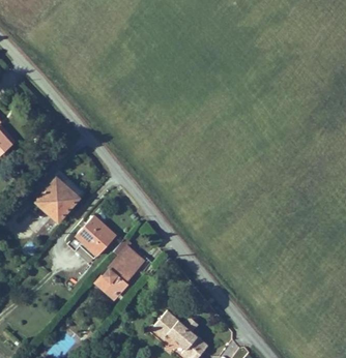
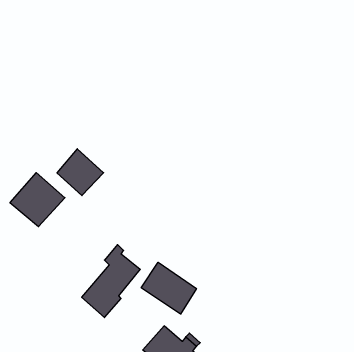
building: [75,215,115,256] -> [57,149,104,196]
building: none -> [141,262,196,314]

